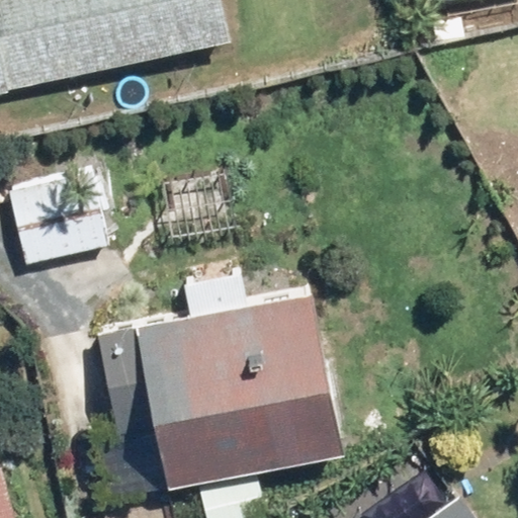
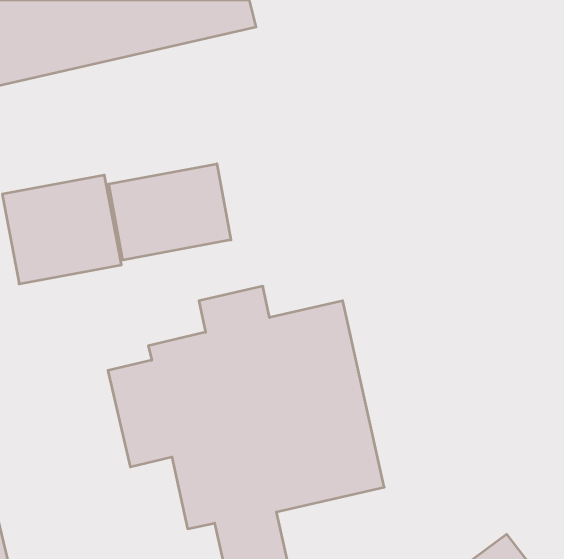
building: none -> [109,164,231,260]

